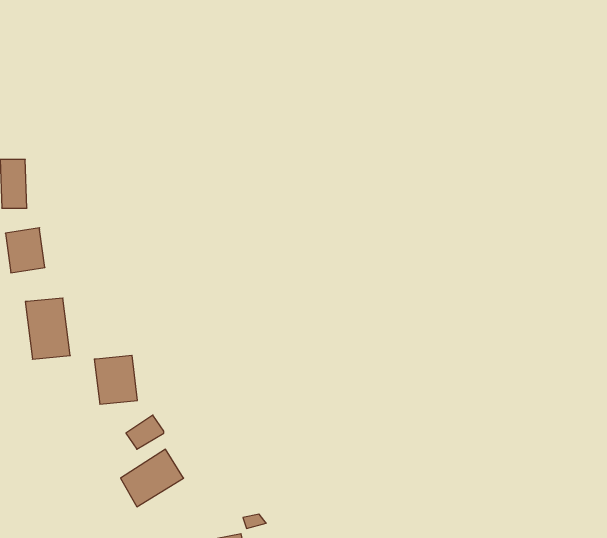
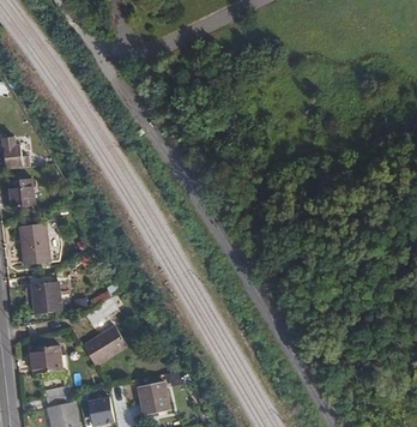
building: [94,355,137,404] -> [32,282,61,314]
building: none -> [31,344,62,373]

